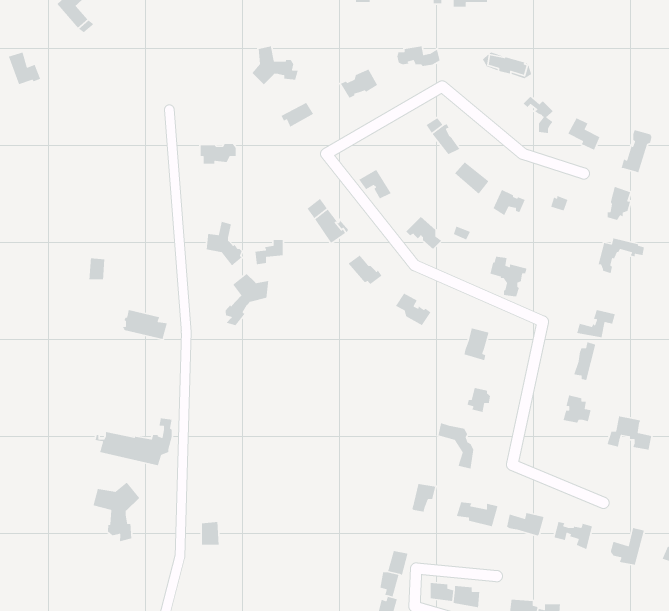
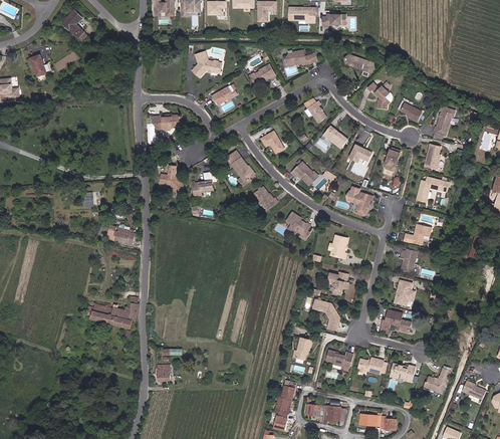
building: [225,273,269,326] -> none
building: [606,416,652,451] -> [380,309,410,333]
building: [93,482,140,542] -> none

